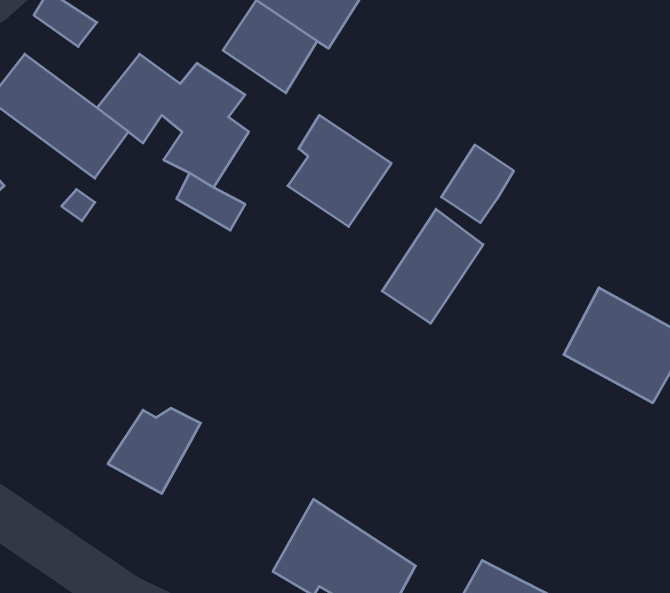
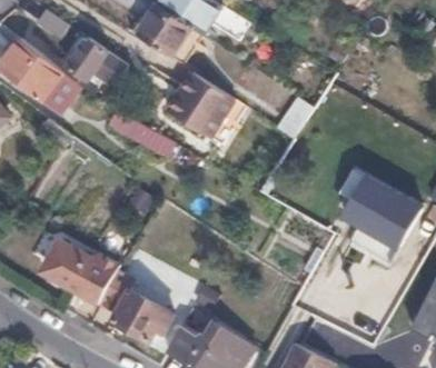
building: [382,209,483,323] -> none
building: none -> [51,237,89,284]
building: none -> [96,269,176,341]

